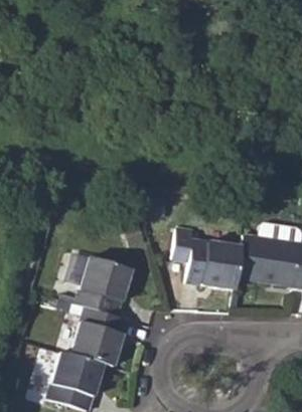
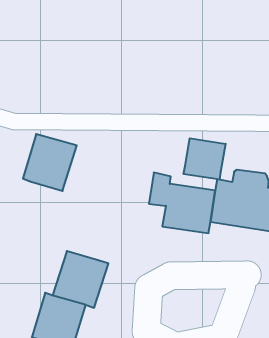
building: none -> [184,138,226,180]
building: [75,258,133,319] -> [23,134,77,191]

